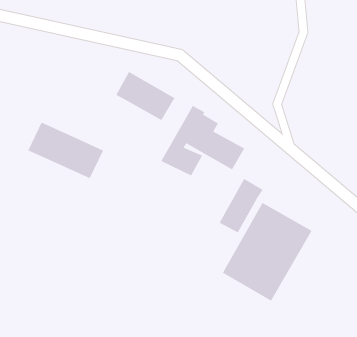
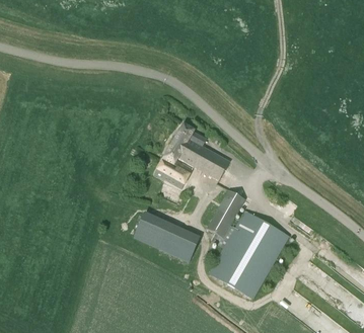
building: [115,71,175,121] -> none
building: [27,122,104,179] -> [133,212,201,262]

